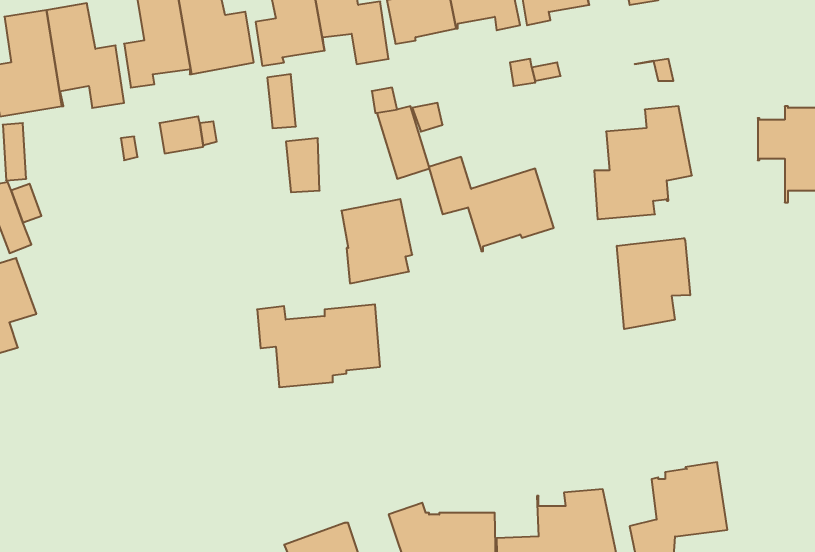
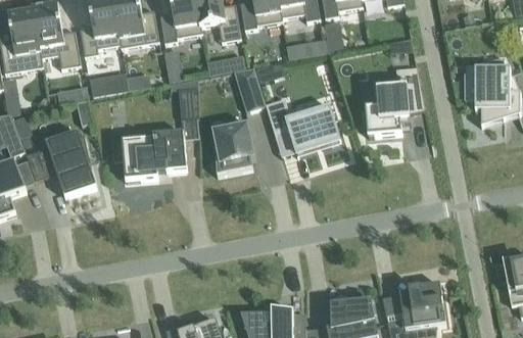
building: none -> [26,131,96,194]
building: [617,238,690,329] -> none
building: [257,304,380,387] -> [111,131,186,181]

